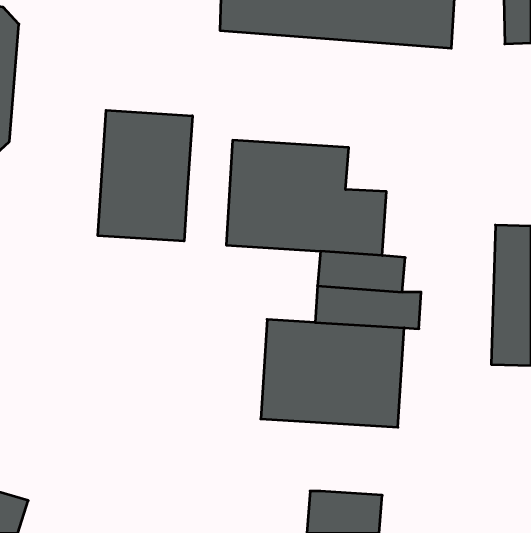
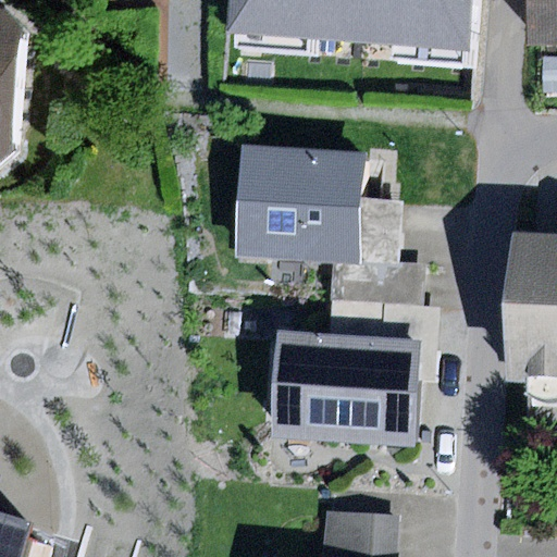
building: [98,110,192,241] -> none

